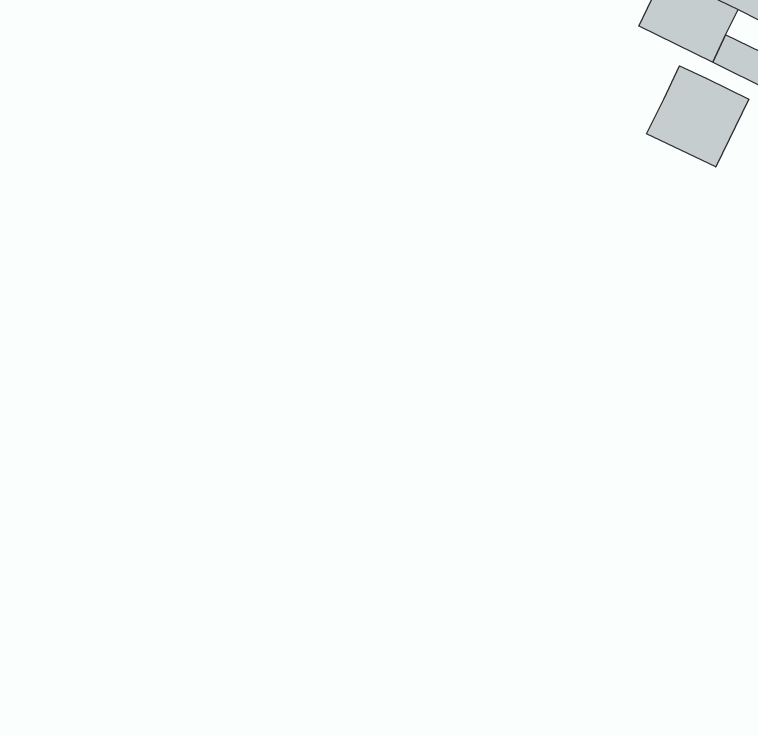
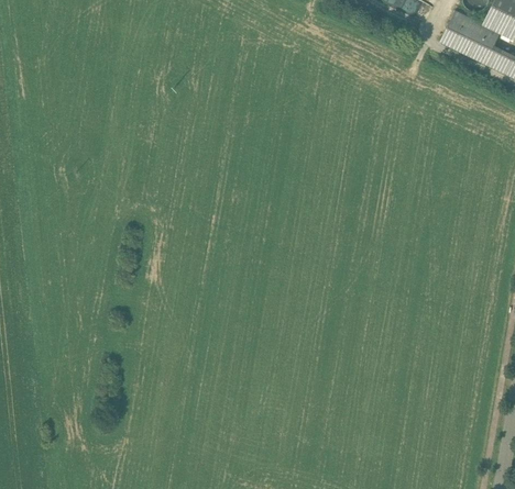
building: [647,66,749,167] -> none

